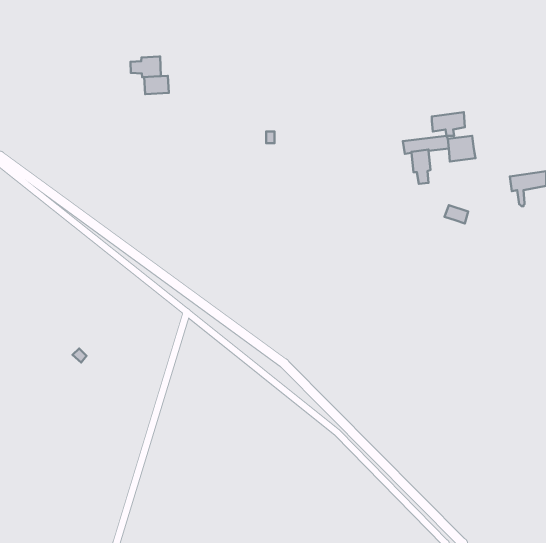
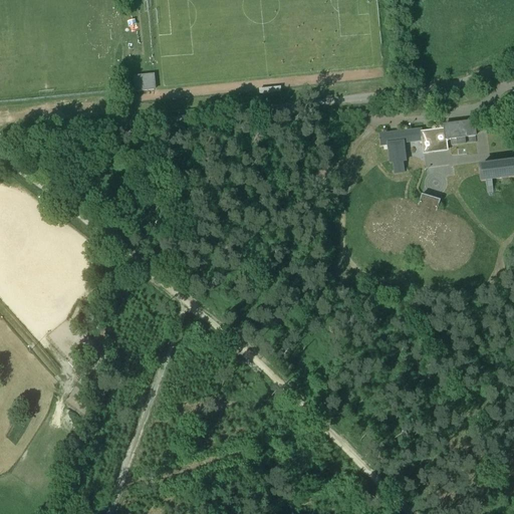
building: [130,56,161,77] -> none
building: [432,112,465,136] -> [444,119,475,142]

